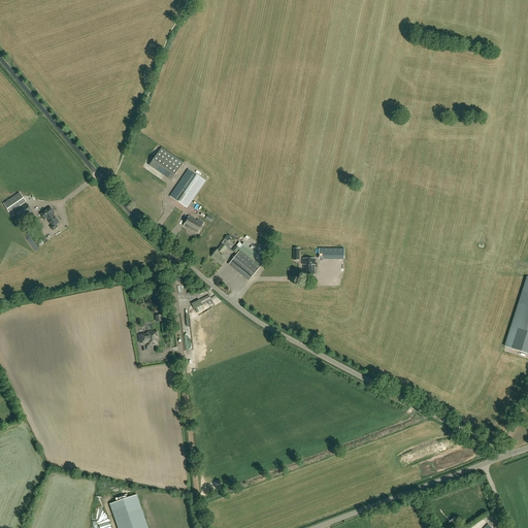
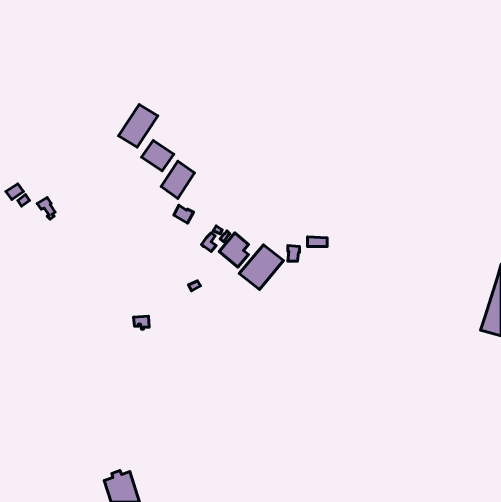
building: none -> [118,105,158,147]
building: none -> [239,245,284,289]

